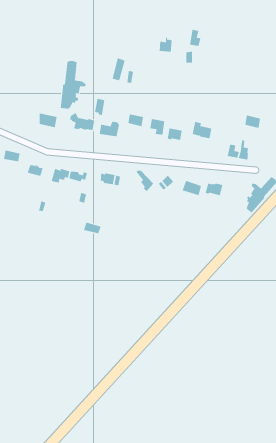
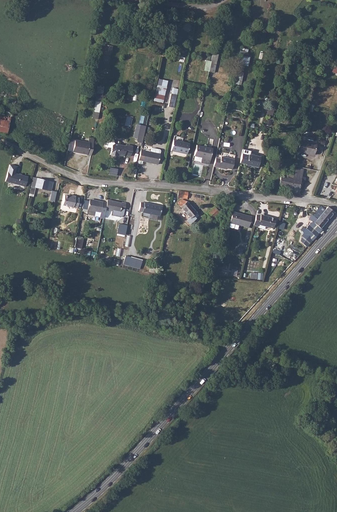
building: [60,60,87,110] -> none

